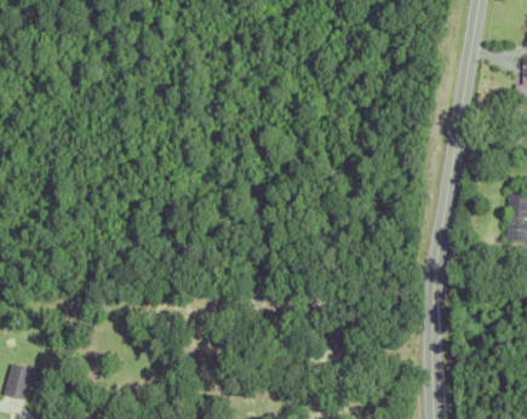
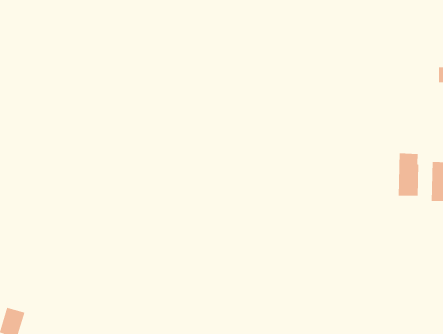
building: none -> [398,152,419,196]

